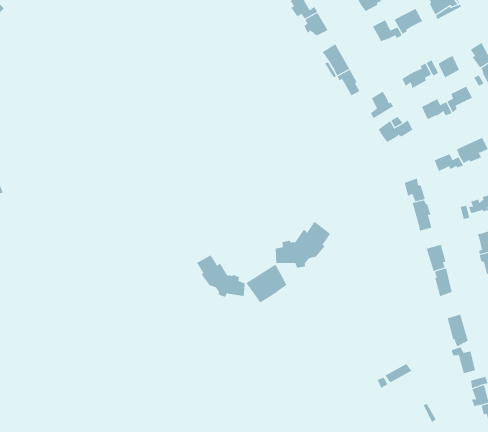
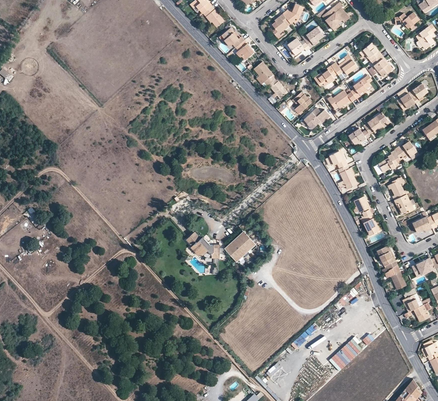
building: [275,221,331,269] -> none

